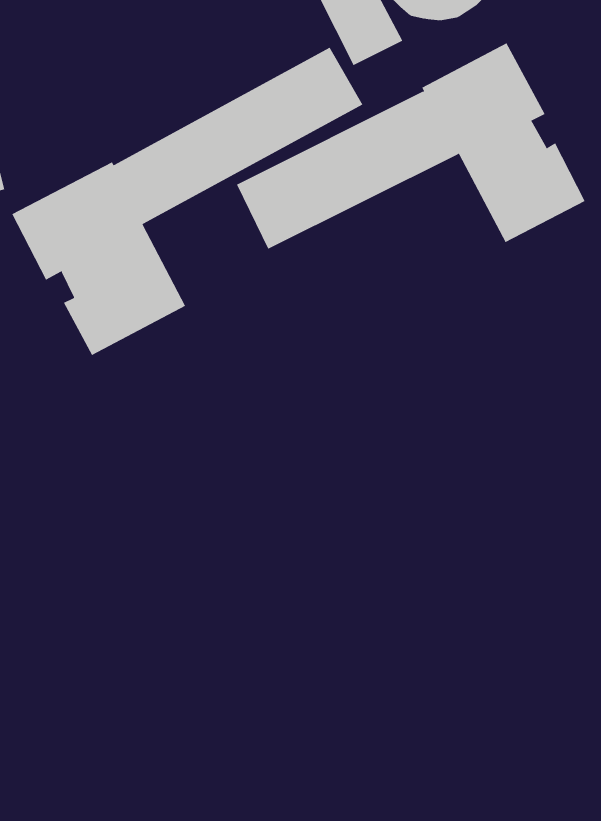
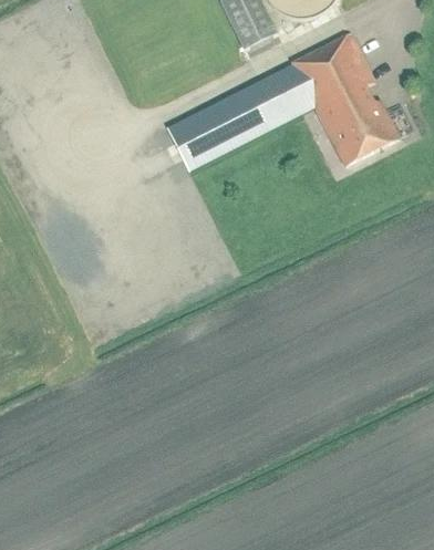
building: [12,47,363,356] -> none

